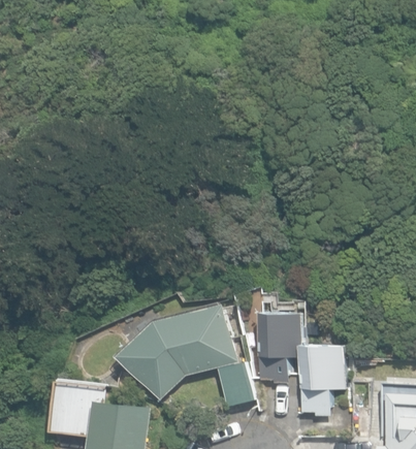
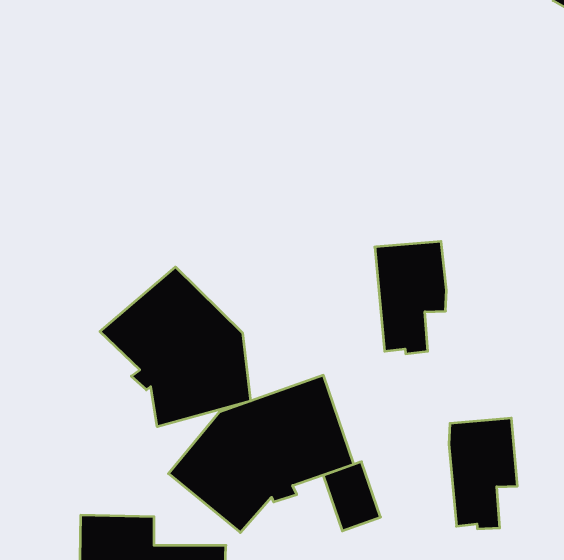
building: none -> [100,267,251,427]
building: [258,311,302,382] -> [375,241,446,354]

